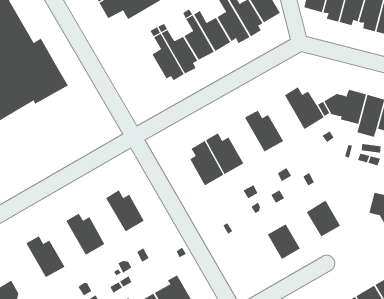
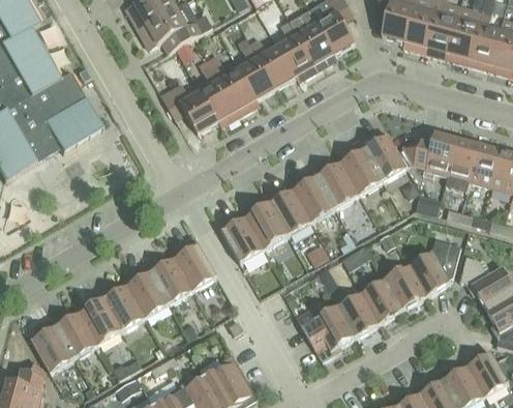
building: none -> [160,83,217,133]
building: none -> [339,140,382,195]
building: none -> [292,167,334,222]
building: none -> [215,211,263,263]
building: none -> [174,235,216,290]
building: none -> [408,239,459,296]
building: none -> [126,263,169,318]
building: none -> [360,280,401,323]
building: none -> [79,290,121,345]
building: none -> [296,307,355,361]
building: none -> [31,317,73,372]

